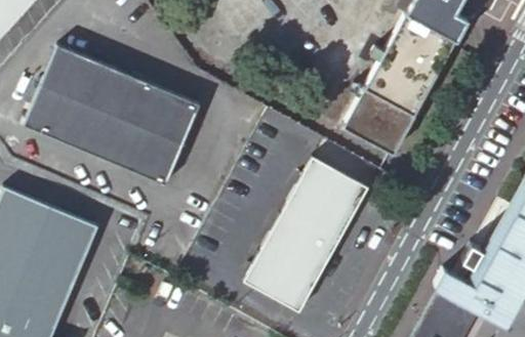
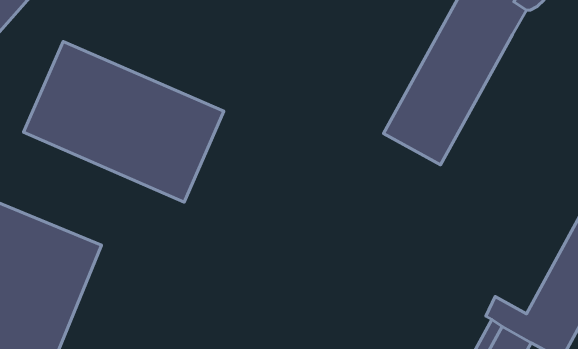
building: [240,155,365,310] -> none

